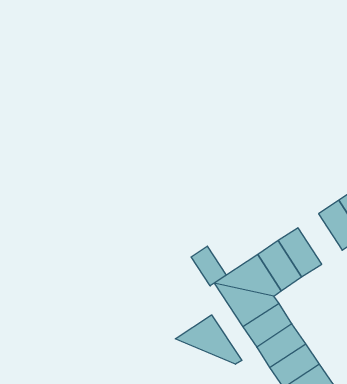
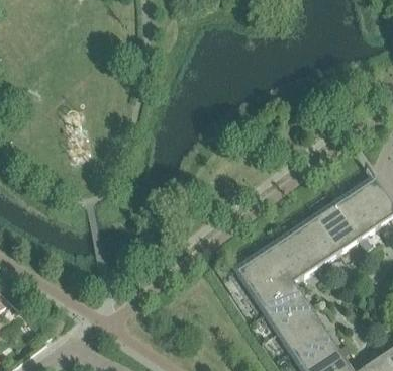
building: none -> [316,204,358,252]
building: [191,246,226,286] -> none
building: [175,315,242,364] -> none

